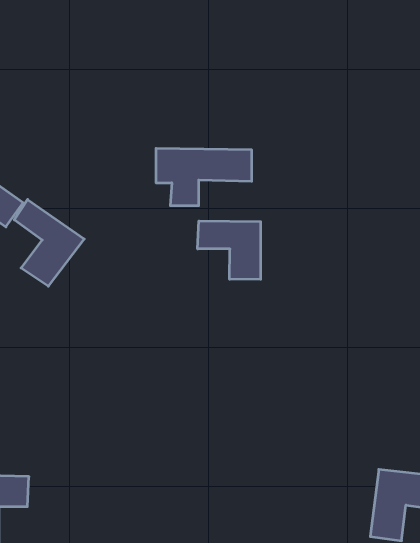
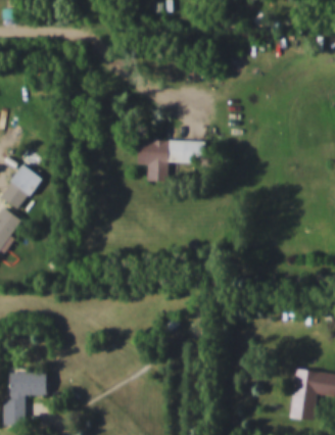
building: [14,199,84,286] -> none
building: [198,221,261,279] -> none

